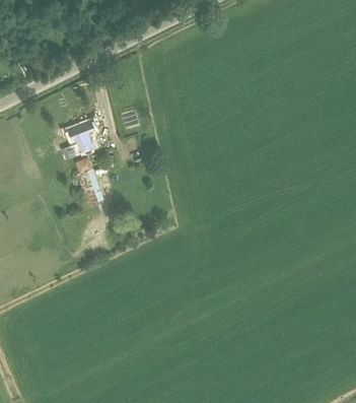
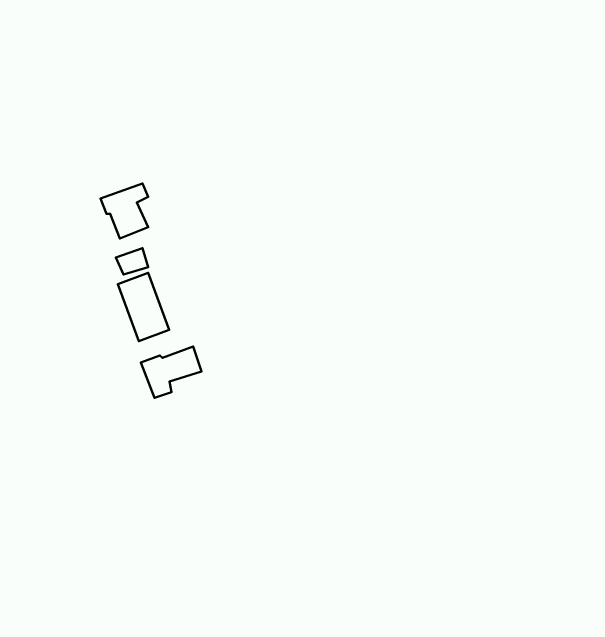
building: none -> [141,347,202,398]

